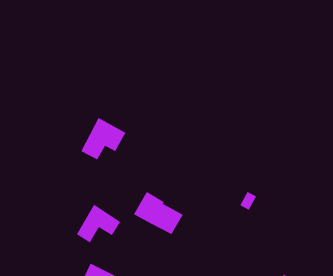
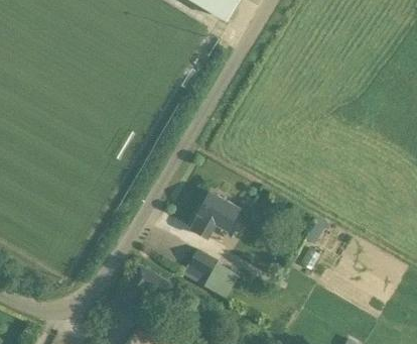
building: [80,117,126,160] -> [182,187,234,235]

